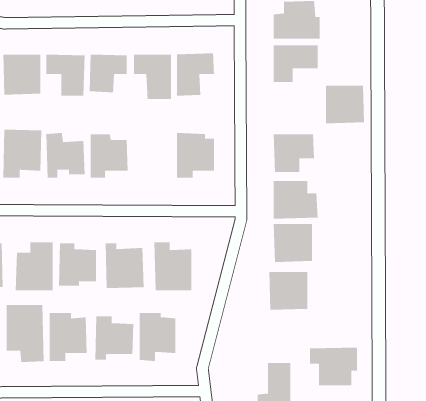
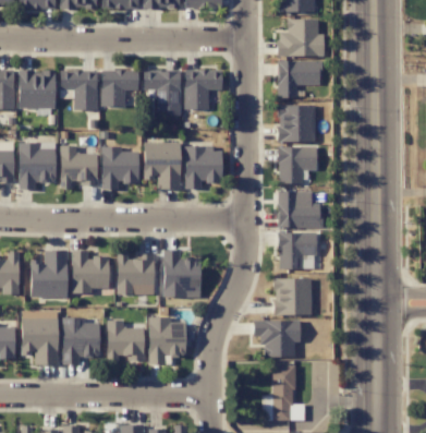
building: [325,85,365,124] -> [278,105,316,142]
building: none -> [144,142,181,189]
building: [309,347,358,386] -> [254,320,301,357]

